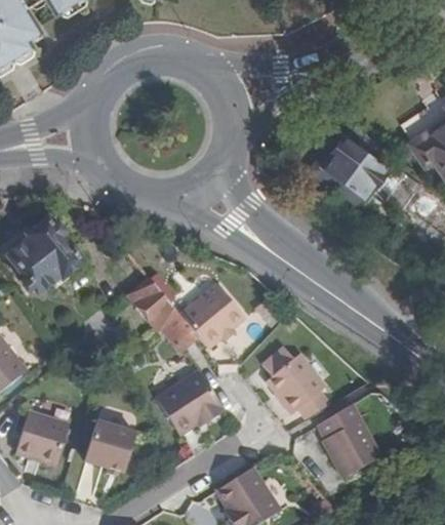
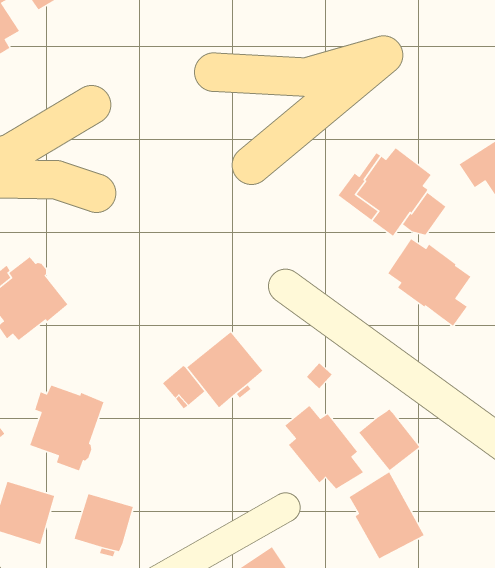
building: none -> [387,238,472,327]
building: [130,277,177,328] -> none
building: none -> [29,385,104,471]
building: none -> [358,408,421,471]
building: [156,370,225,435] -> none

